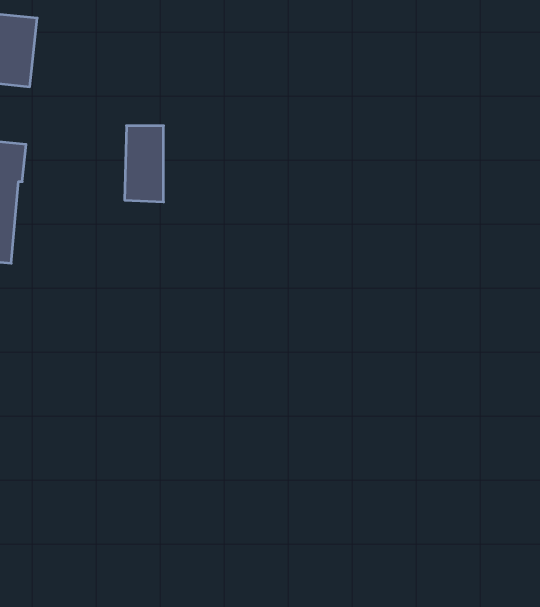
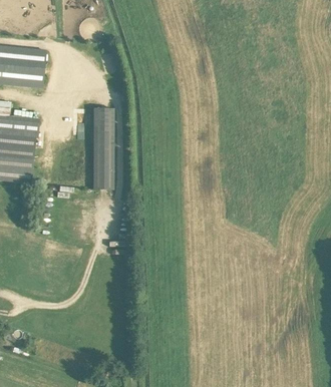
building: none -> [92,147,113,188]

